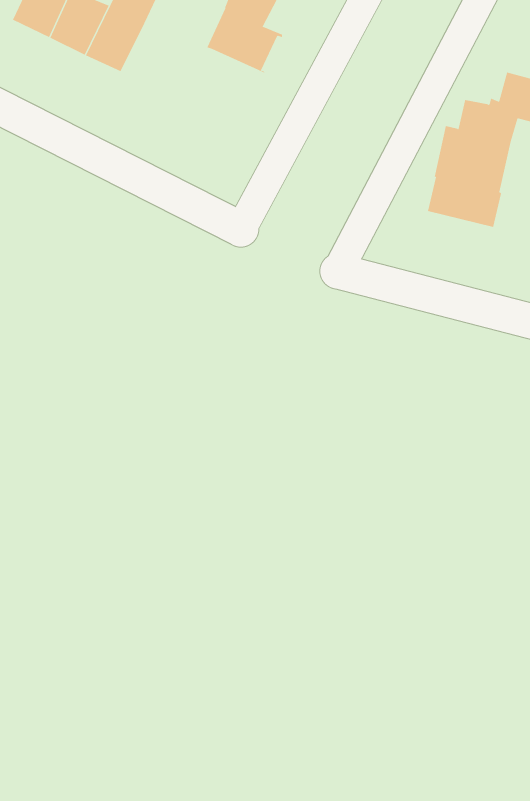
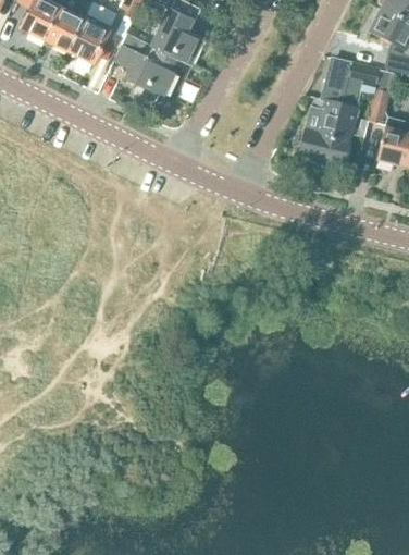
building: none -> [113,33,190,99]

